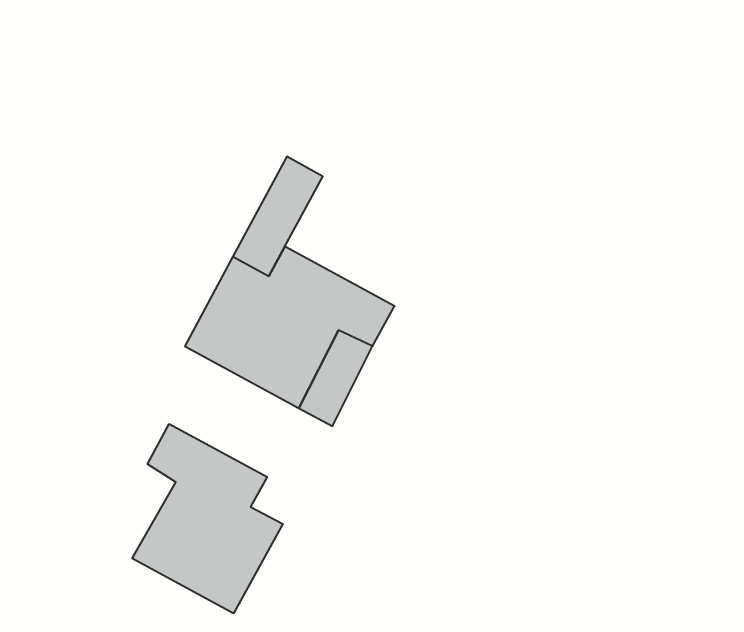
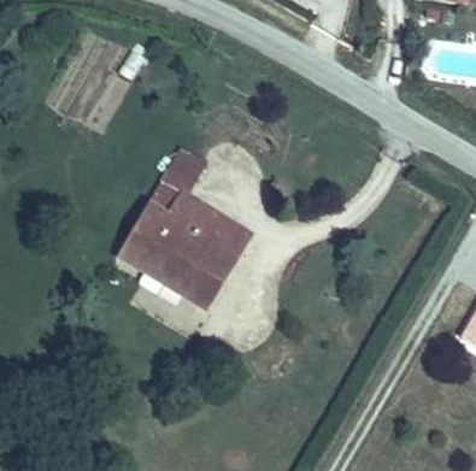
building: [132,424,283,613] -> none

